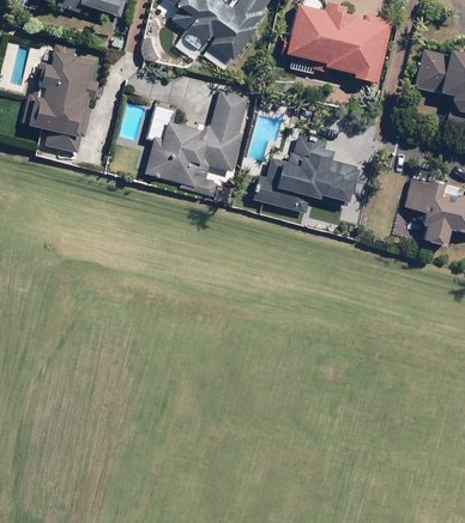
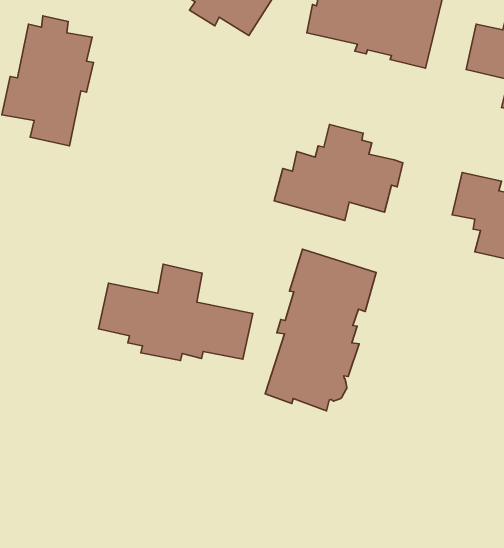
building: [144,89,247,196] -> none
building: none -> [265,249,376,411]
building: none -> [99,264,253,361]

